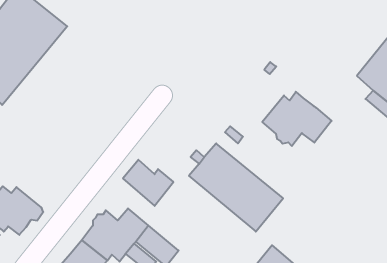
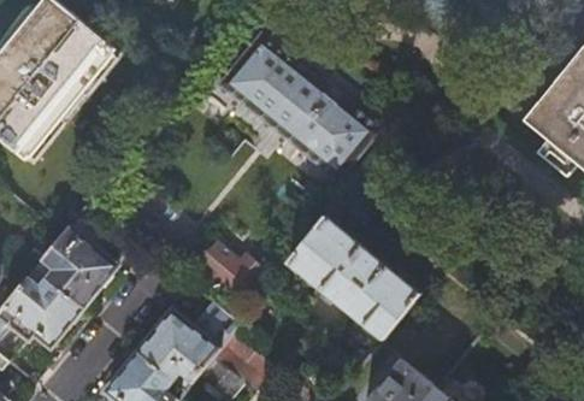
building: none -> [220,26,376,179]
building: [262,92,332,146] -> none
building: none -> [34,211,114,307]

